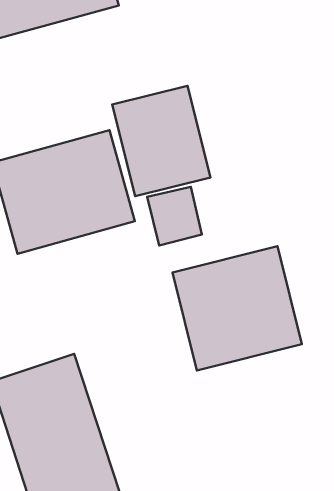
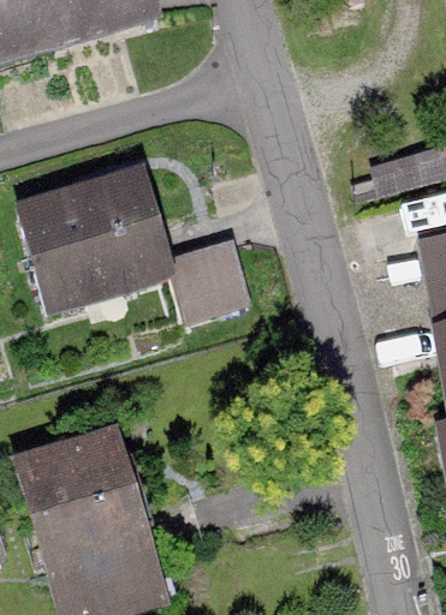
building: [112,86,210,196] -> none
building: [172,246,302,370] -> none

